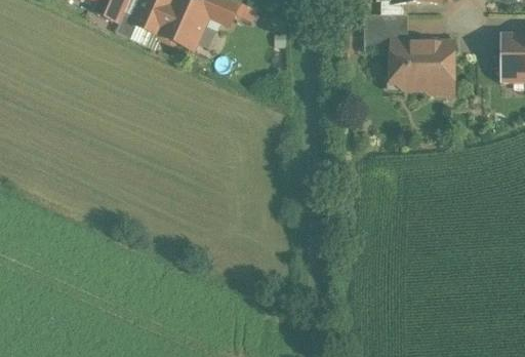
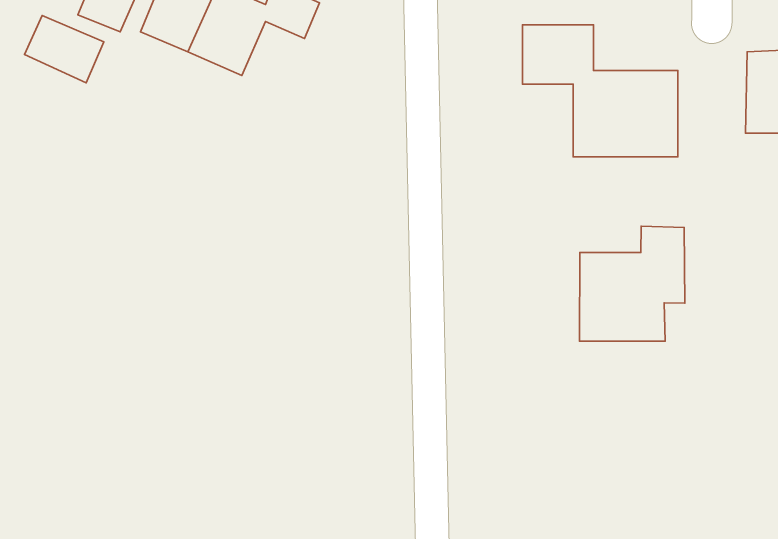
building: none -> [25,15,104,83]
building: none -> [579,226,685,341]

